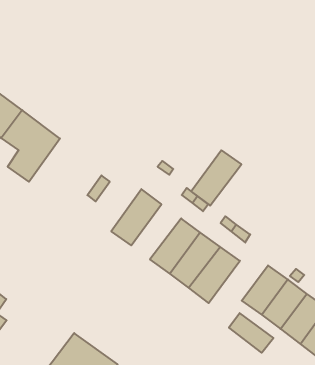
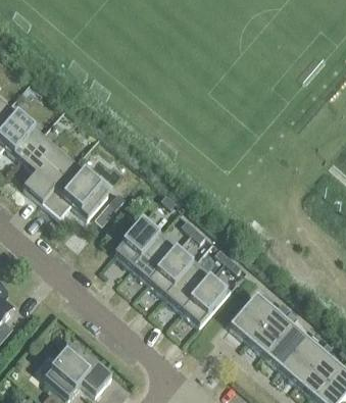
building: none -> [42,165,108,218]
building: [191,150,241,206] -> [132,233,180,283]
building: [229,313,273,353] -> none

